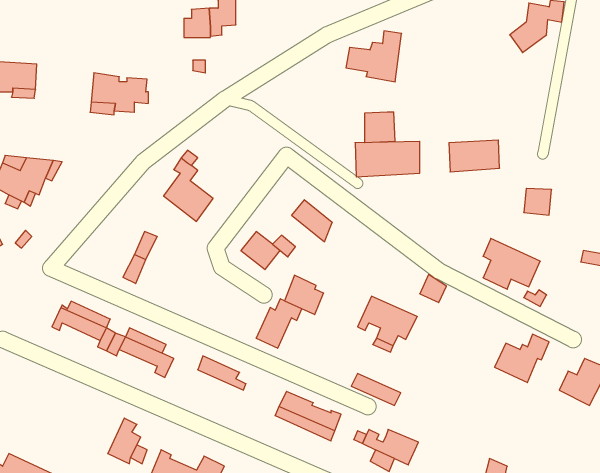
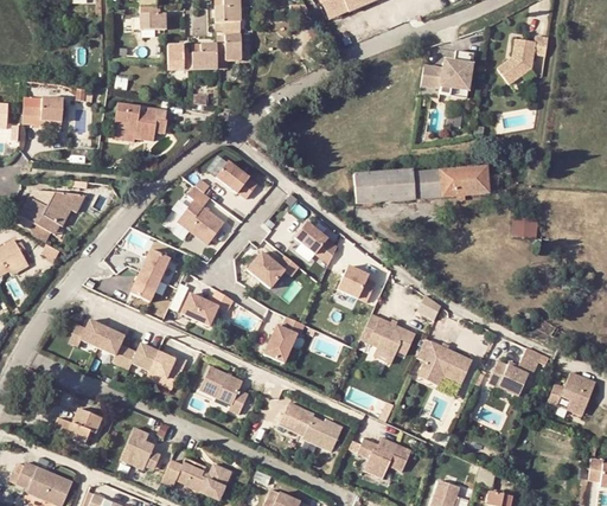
building: none -> [170,45,193,72]
building: [346,31,402,82] -> [422,51,474,98]
building: [365,112,395,143] -> [414,169,442,198]
building: none -> [215,160,255,197]
building: [483,238,540,289] -> [416,338,469,385]
building: none -> [179,289,231,324]
building: [284,275,324,315] -> [336,264,372,301]
building: none -> [202,382,249,416]
building: none -> [53,405,101,442]

